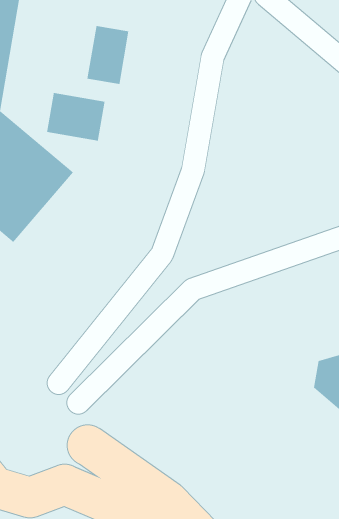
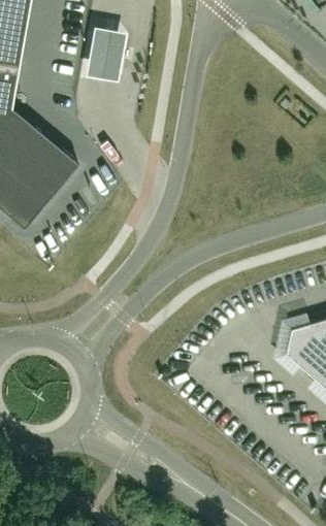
building: [46,92,105,142] -> none

